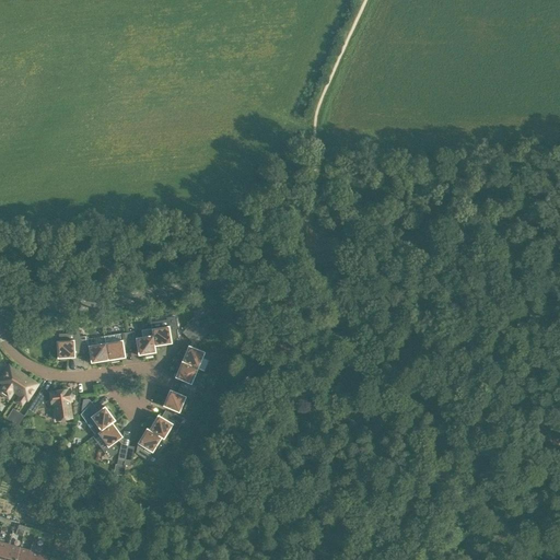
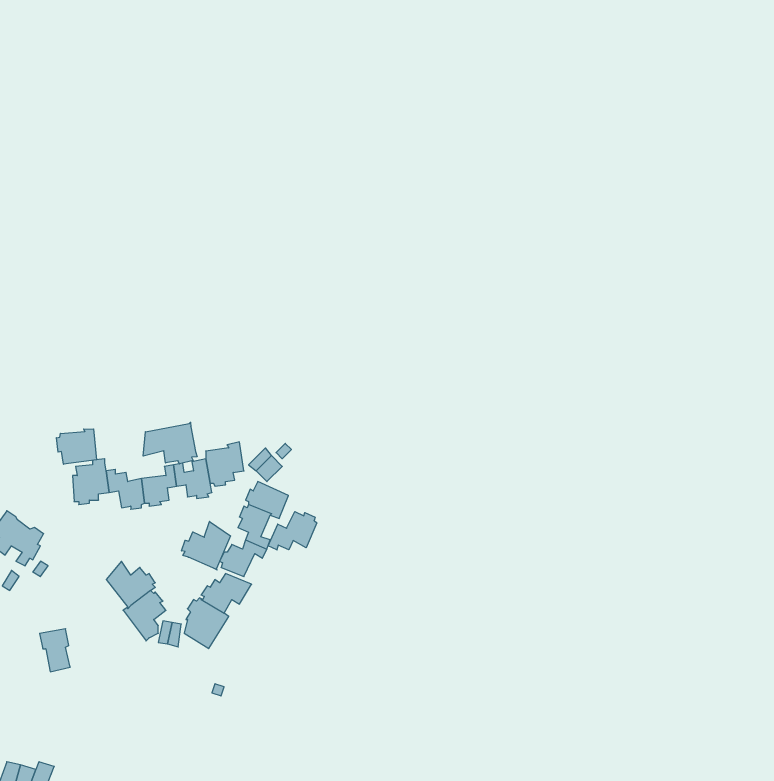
building: none -> [143,422,197,464]
building: none -> [56,429,97,464]
building: none -> [268,512,317,550]
building: none -> [182,521,230,570]
building: [46,389,68,420] -> [40,629,70,672]

